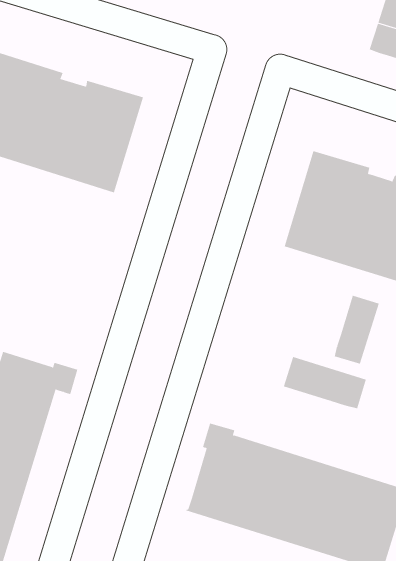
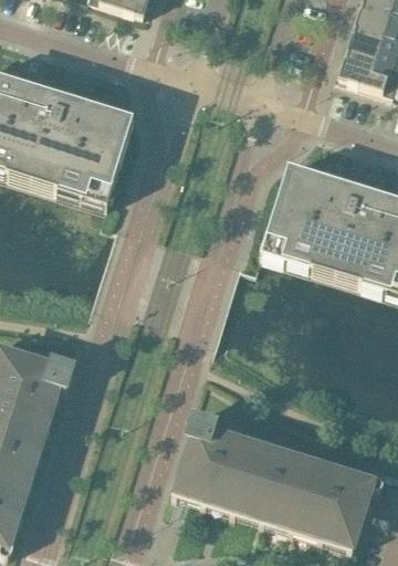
building: [334,295,380,365] -> none
building: [283,356,366,409] -> none

